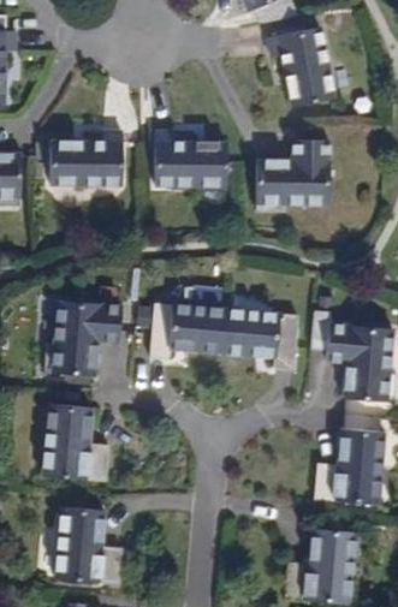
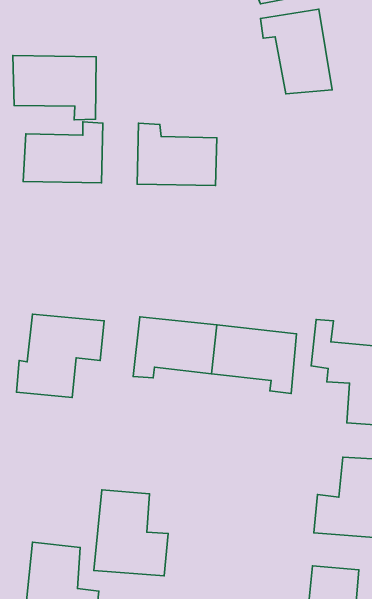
building: none -> [13,55,96,120]
building: [253,137,326,207] -> none
building: [40,404,107,482] -> [94,490,168,576]

